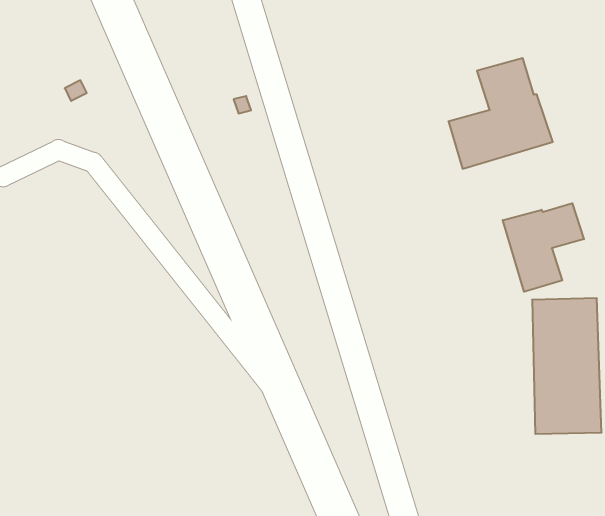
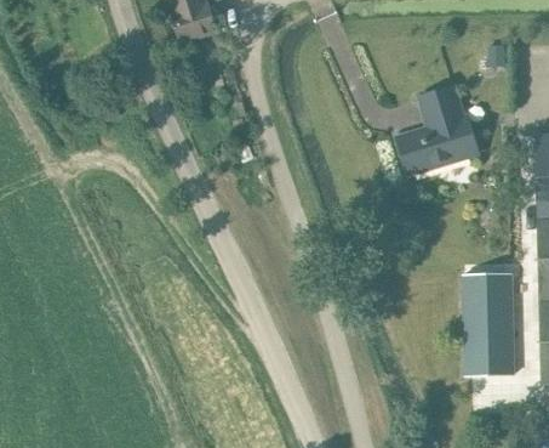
building: [503,203,584,292] -> none

